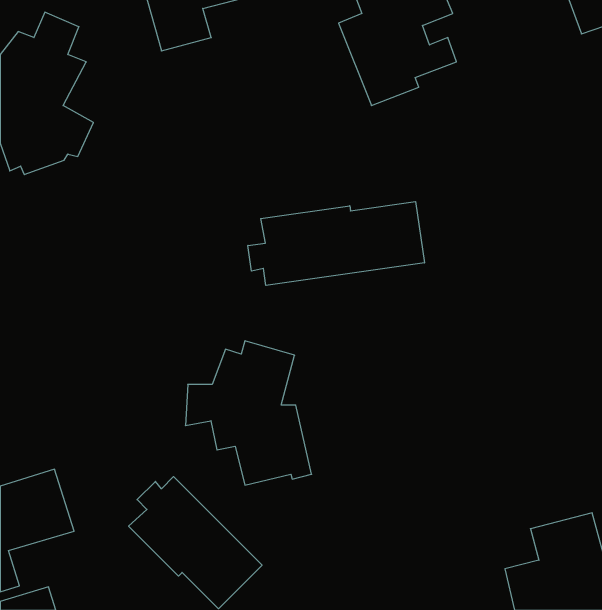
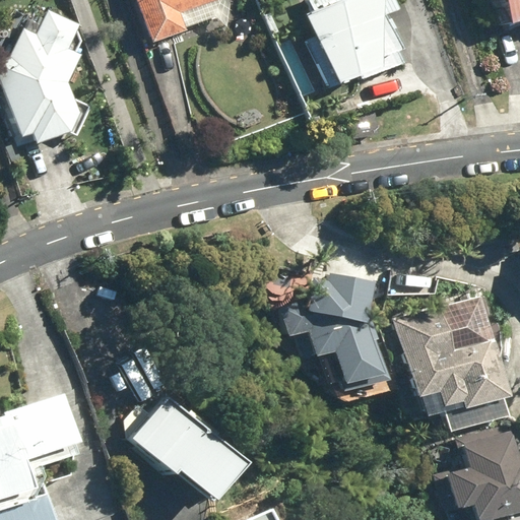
building: [248,202,424,285] -> none
building: [185,341,312,485] -> [286,268,392,389]
building: none -> [400,298,506,410]

